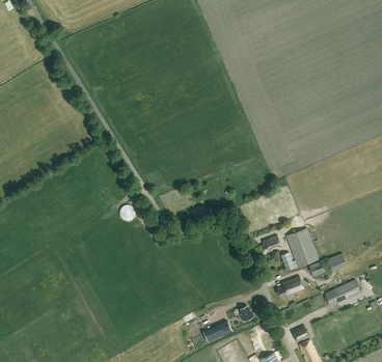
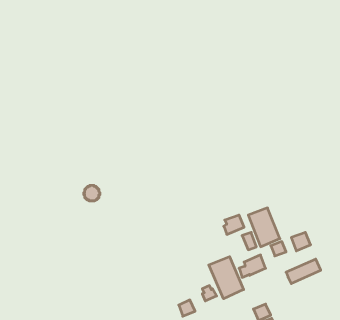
building: none -> [209,257,244,299]

